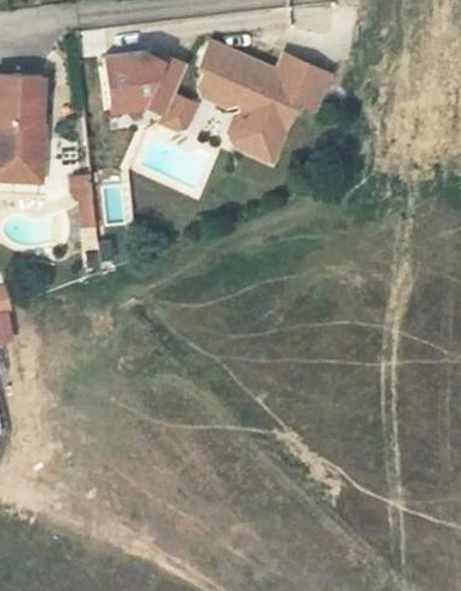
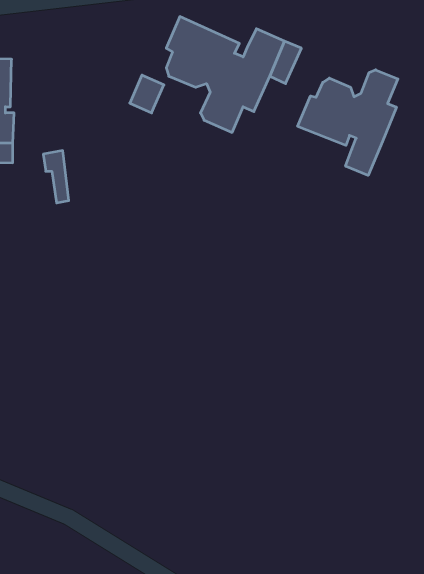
building: [106,55,184,116] -> none
building: none -> [298,70,398,175]

